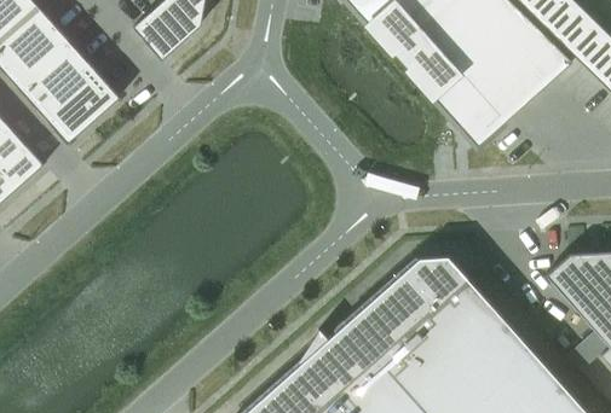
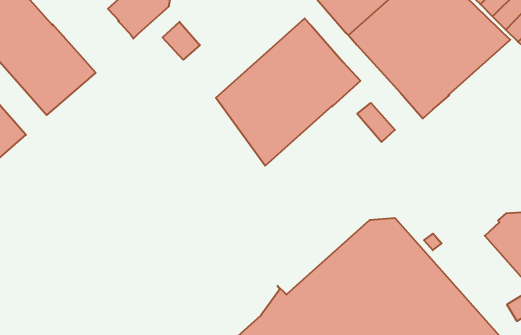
building: none -> [216,18,360,166]
building: none -> [163,22,200,60]
building: none -> [357,103,395,142]

